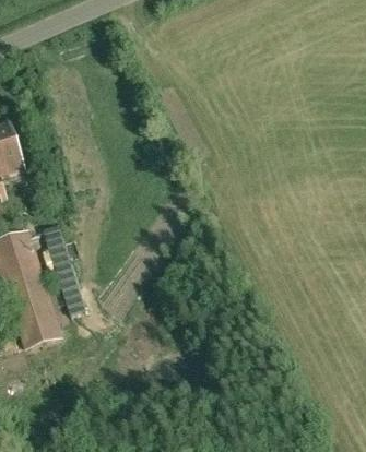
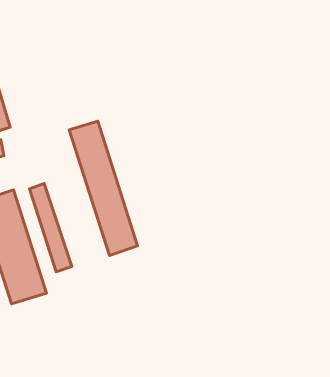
building: none -> [69,121,137,256]

